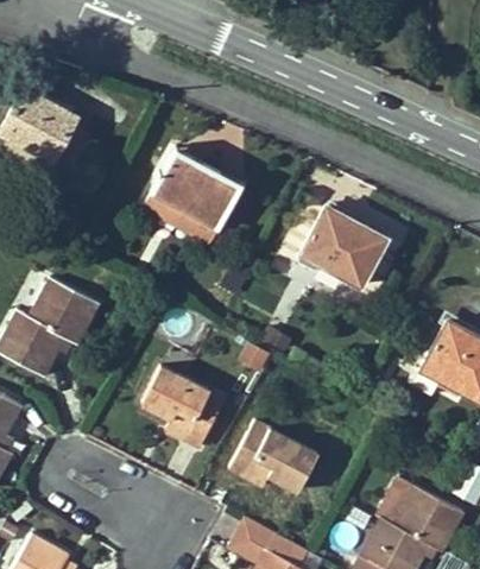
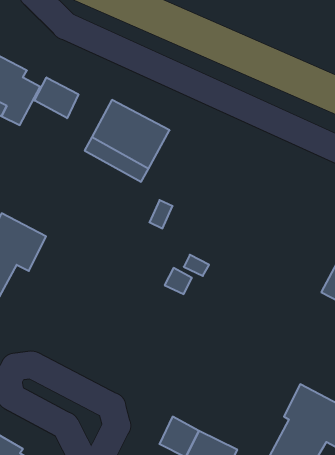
building: none -> [34,77,78,118]
building: [296,206,387,284] -> none
building: [145,366,223,445] -> none
building: [230,421,317,492] -> none

